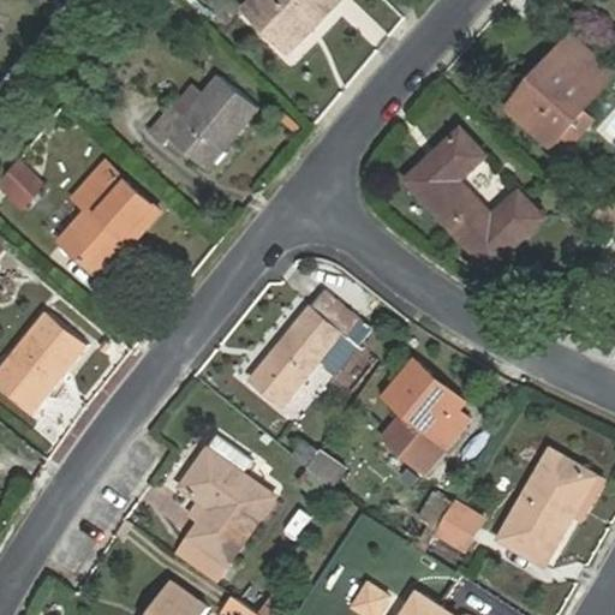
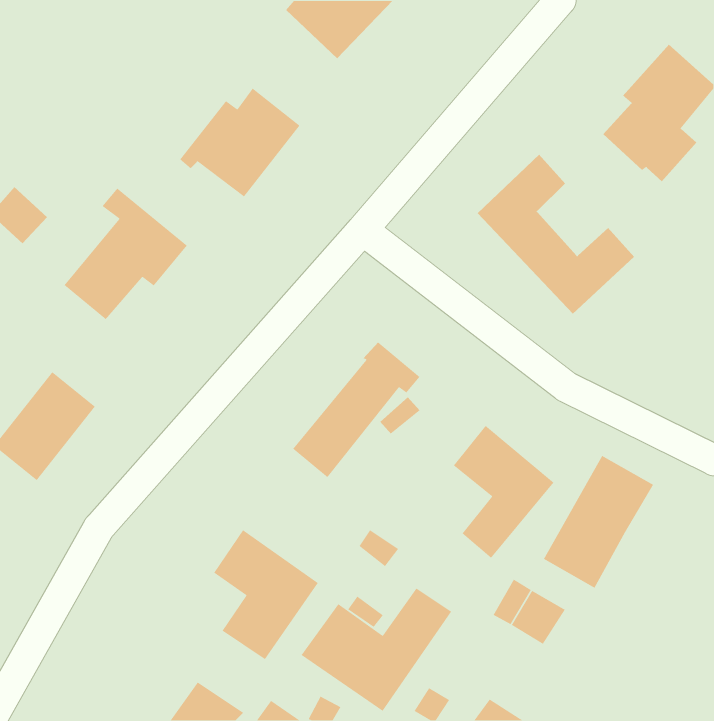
building: [498,450,593,565] -> [543,455,654,589]
building: none -> [301,588,452,712]
building: [175,537,226,583] -> none

